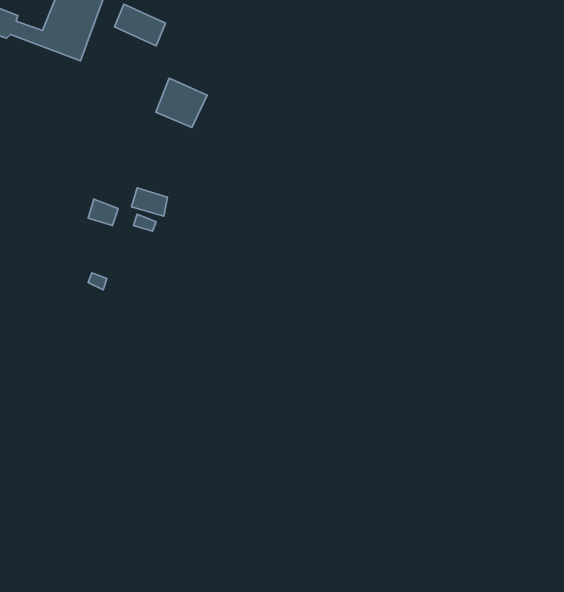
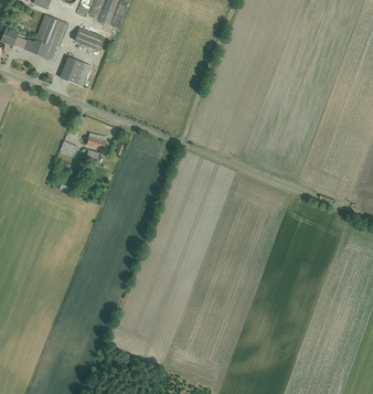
building: [156,78,207,127] -> [61,57,90,86]

